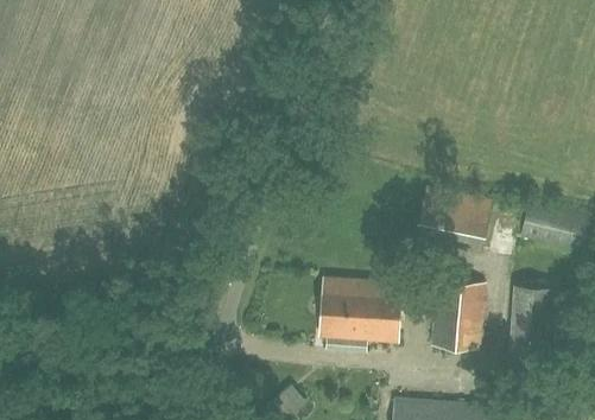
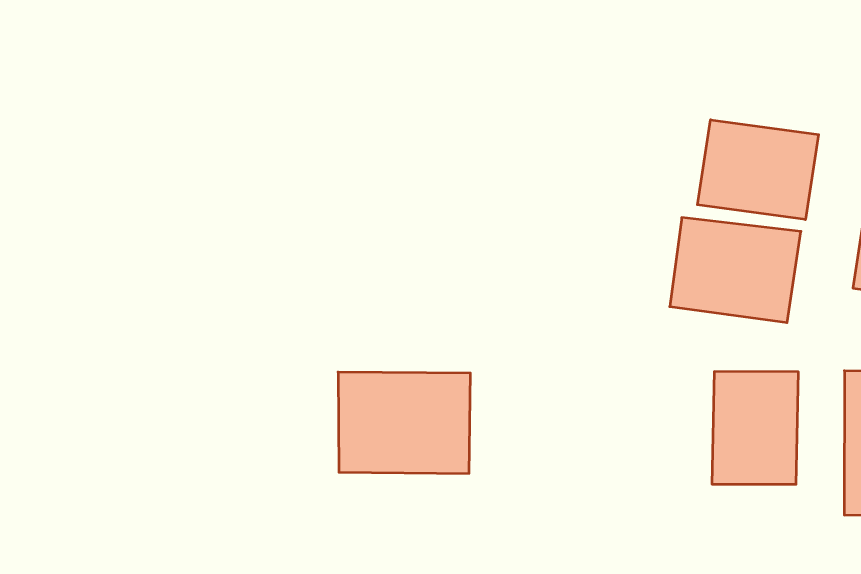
building: none -> [697,120,819,220]
building: [318,275,400,341] -> [338,372,470,473]

